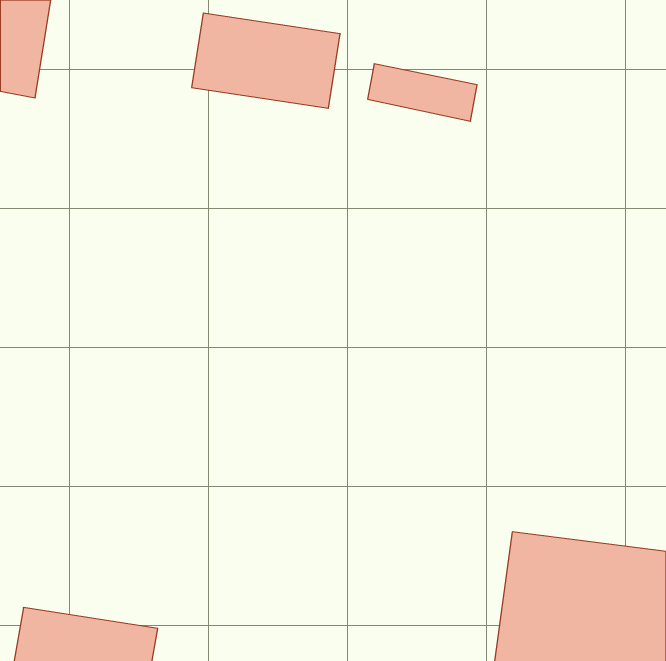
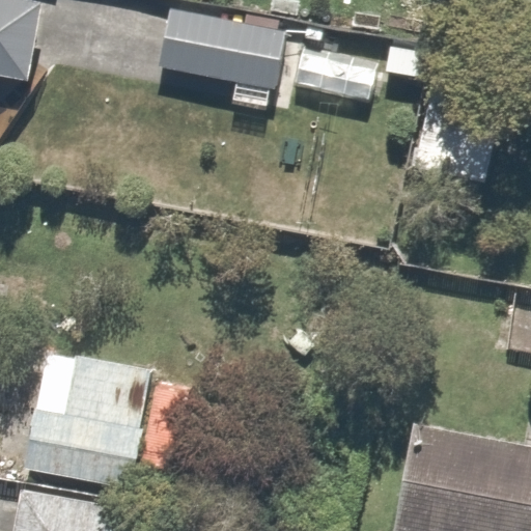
building: none -> [25,354,150,483]

